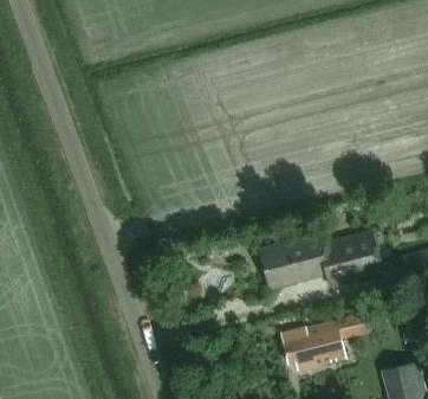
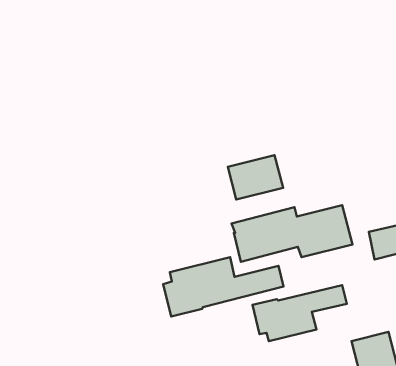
building: none -> [228,155,283,199]
building: none -> [163,257,284,317]

